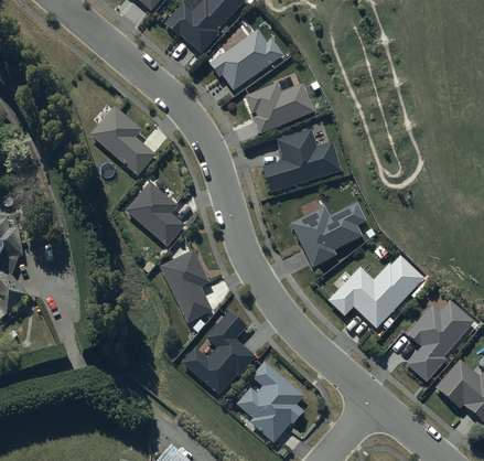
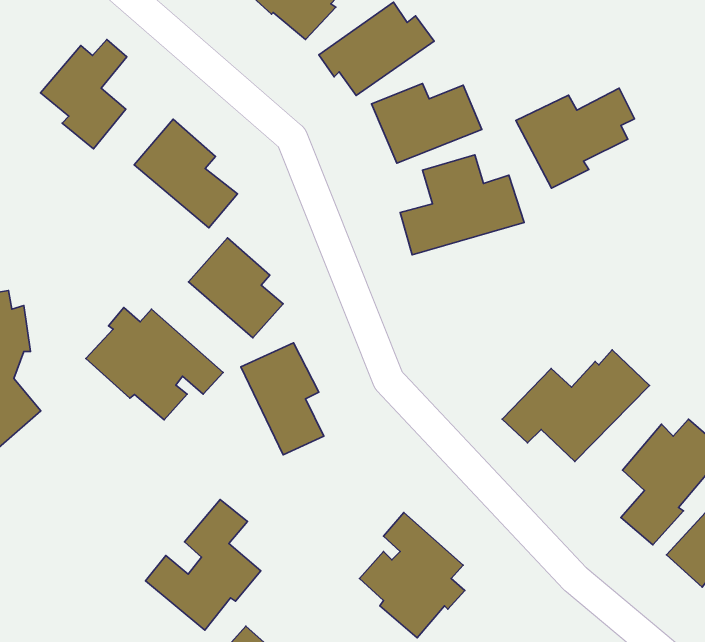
building: none -> [41,40,127,149]
building: [290,202,367,267] -> [516,88,634,188]
building: none -> [86,308,223,420]
building: [181,310,256,395] -> [146,500,261,630]

